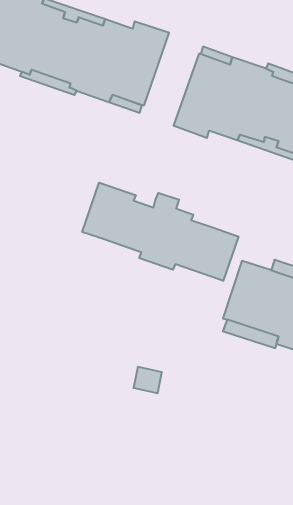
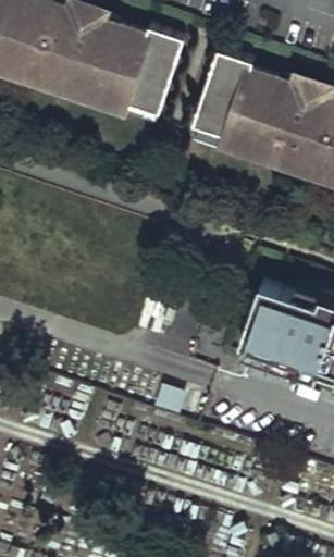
building: [82,183,238,281] -> none

